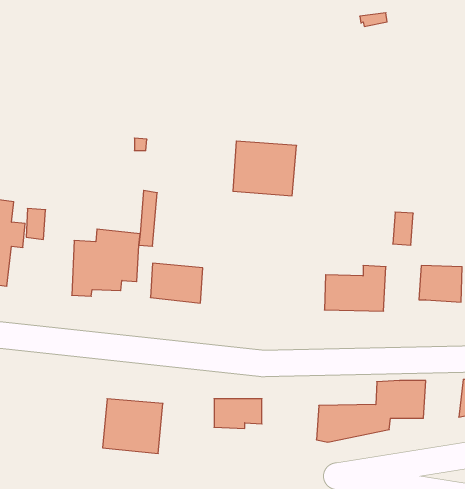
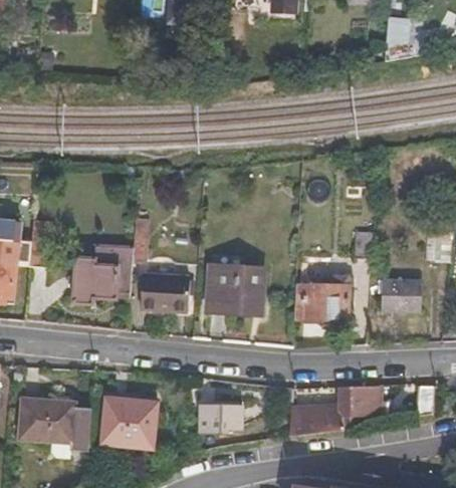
building: [233,141,297,196] -> [208,266,264,314]
building: none -> [18,391,90,450]

